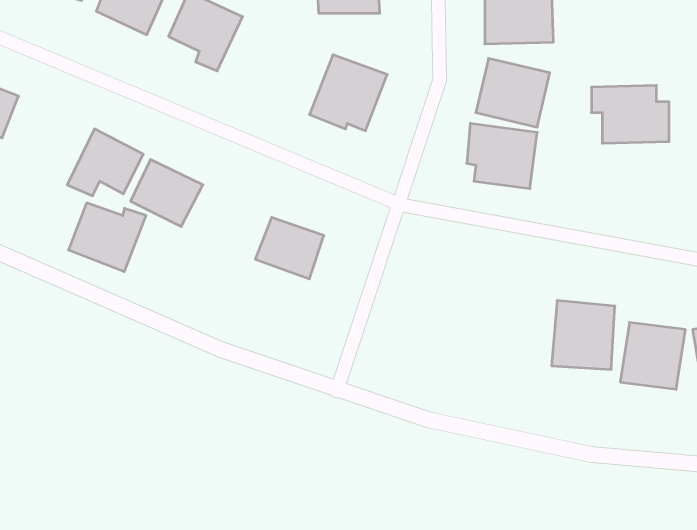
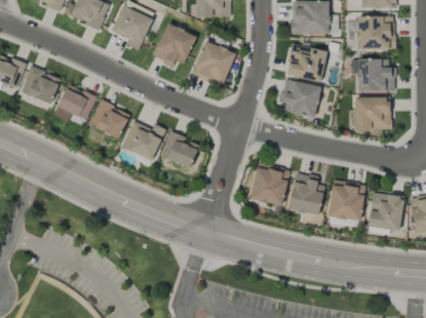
building: none -> [356,16,394,50]
building: none -> [152,23,196,66]
building: none -> [21,67,61,105]
building: none -> [354,97,391,129]
building: [68,203,146,272] -> [121,121,165,160]
building: none -> [249,162,289,205]
building: none -> [288,172,323,215]

